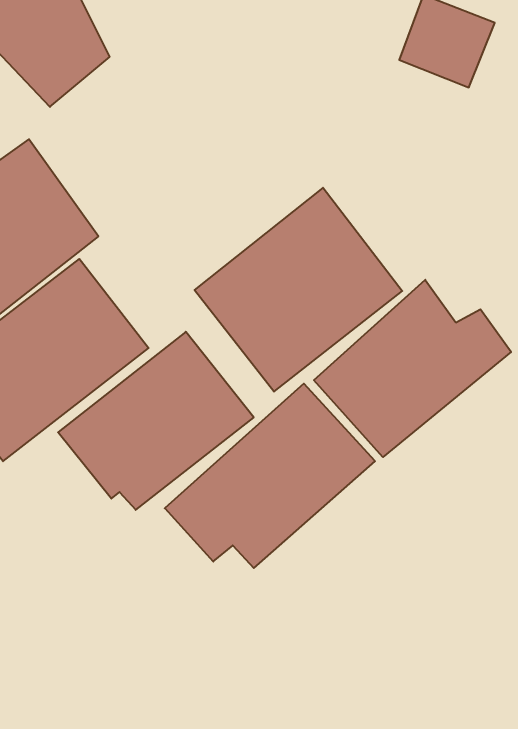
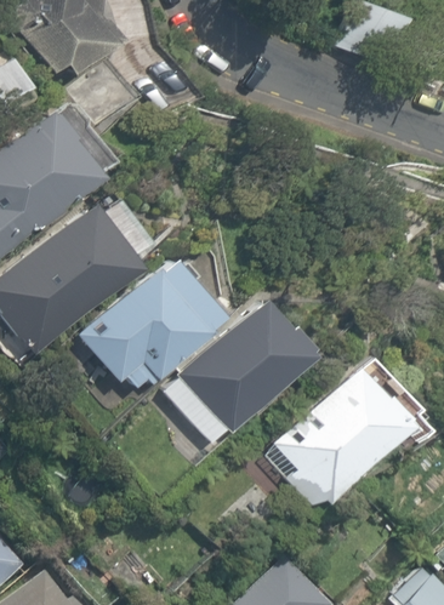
building: [195,188,402,392] -> none
building: [314,280,511,457] -> none
building: none -> [264,364,410,504]

